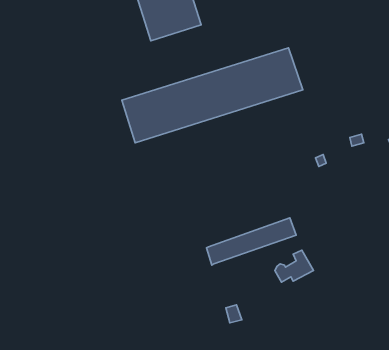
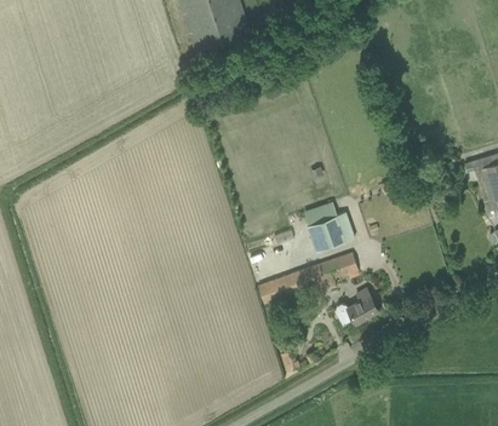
building: [122,48,303,143] -> none
building: none -> [303,201,355,251]

